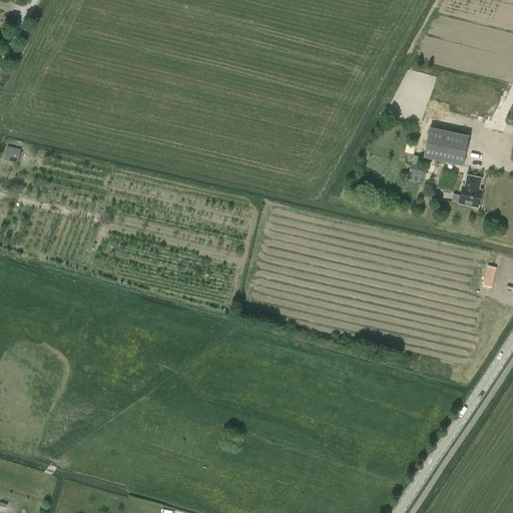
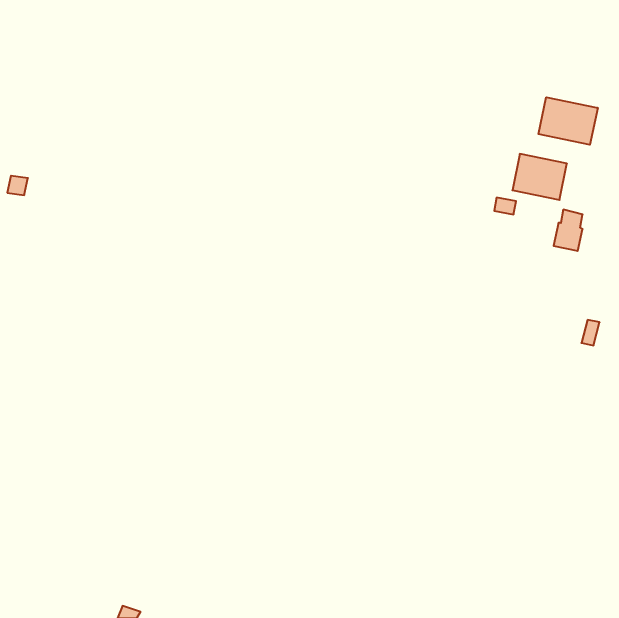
building: none -> [538,97,598,145]

